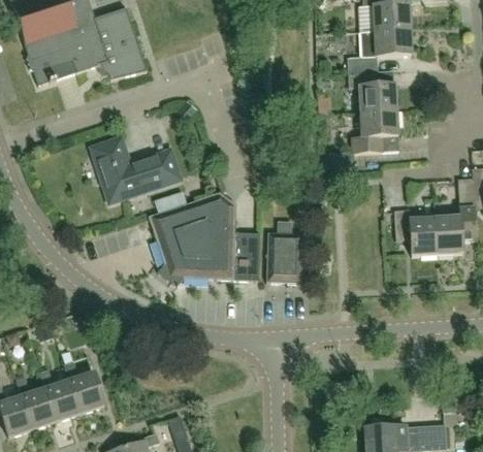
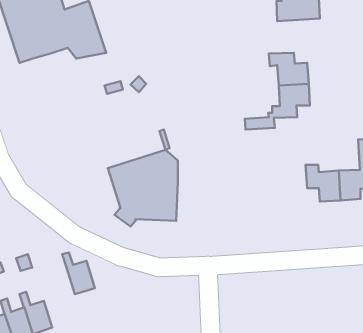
building: [347,29,413,72] -> none
building: [93,138,178,199] -> none
building: [233,231,259,279] -> none
building: [265,231,302,282] -> none
building: [64,359,104,411] -> [62,252,95,294]

